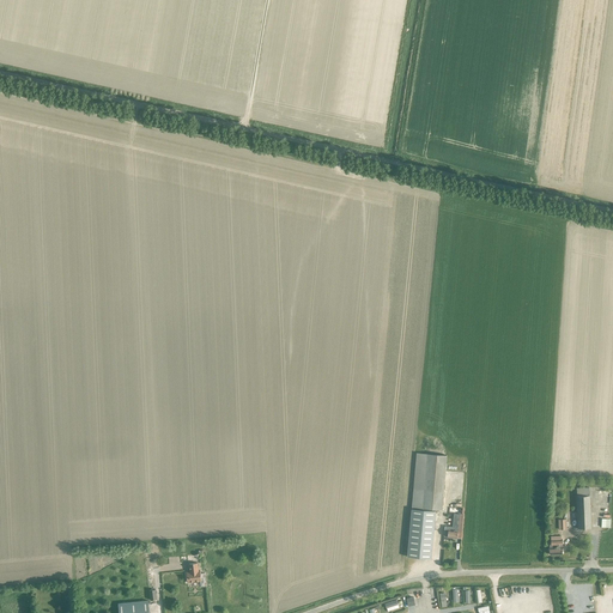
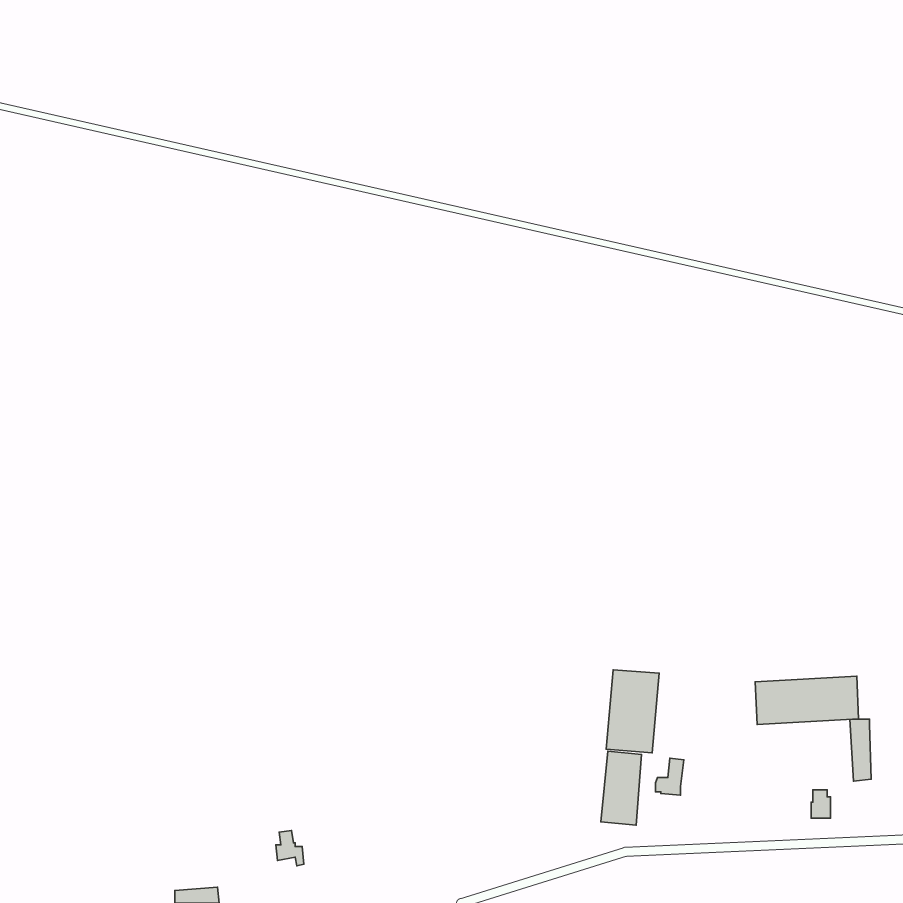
building: none -> [755,676,859,725]

